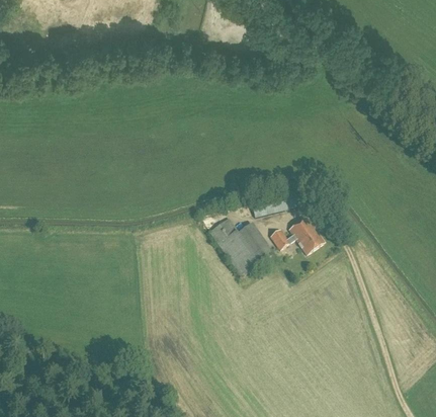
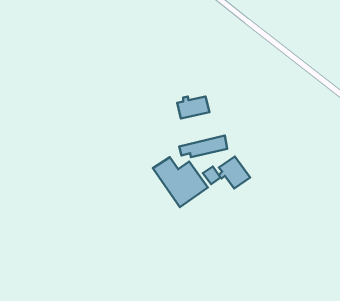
building: none -> [177,96,209,118]

